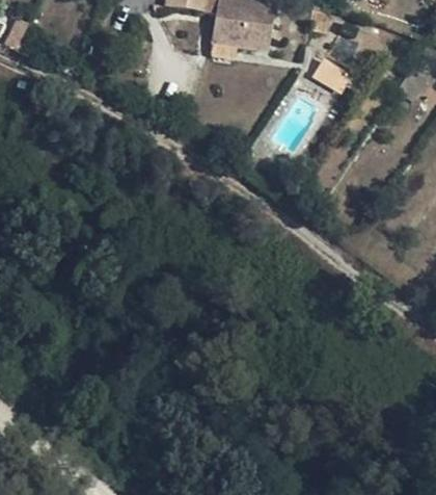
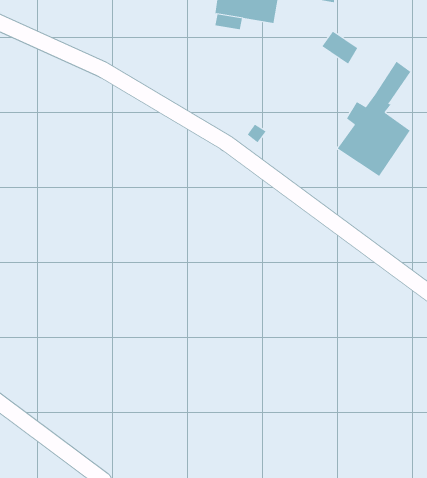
building: none -> [337,61,411,177]

